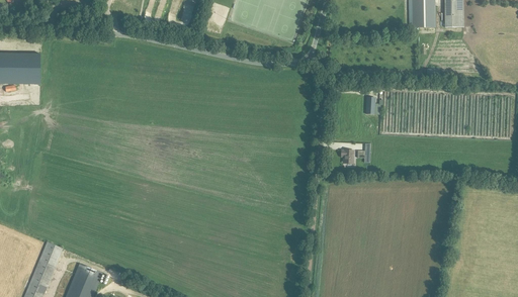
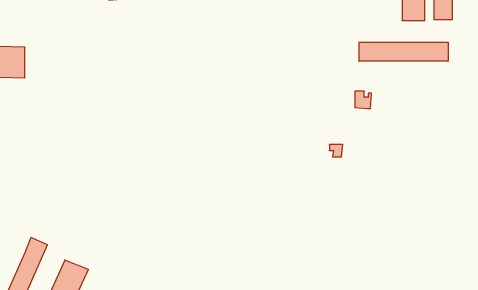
building: none -> [359,42,448,61]

